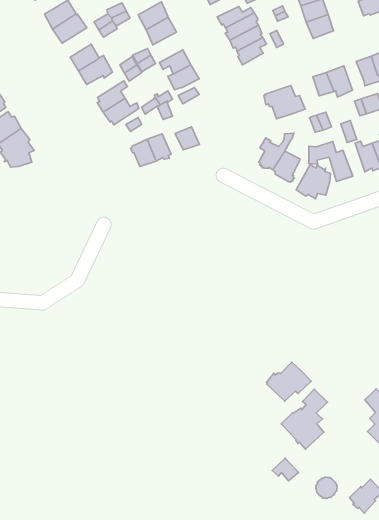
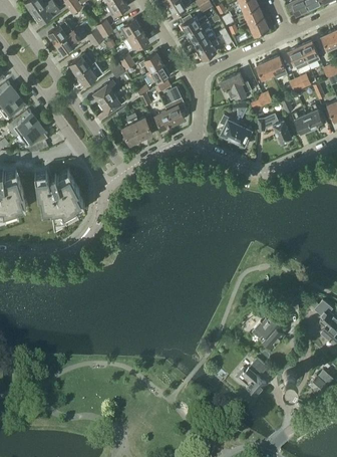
building: none -> [165,86,186,124]
building: [296,165,331,199] -> none
building: none -> [35,171,85,225]
building: [266,362,311,401] -> none
building: none -> [236,368,267,395]

